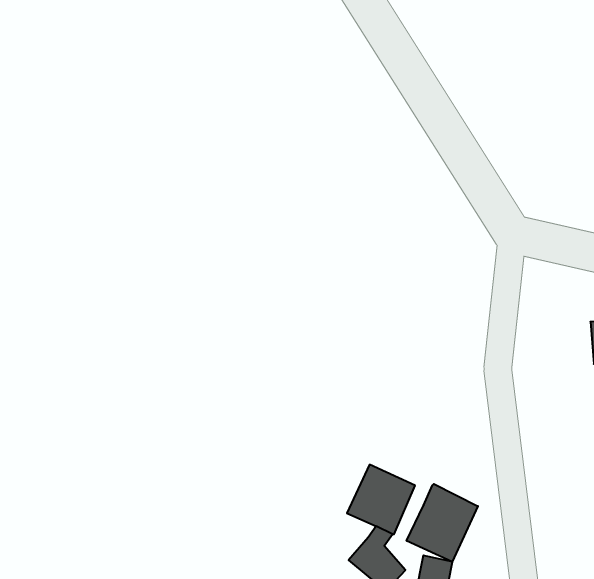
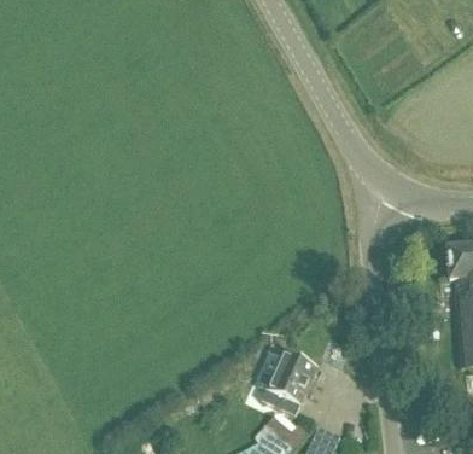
building: [407,484,478,562] -> none

